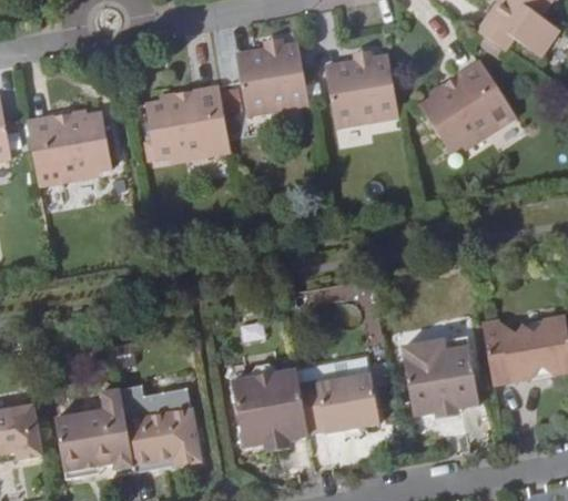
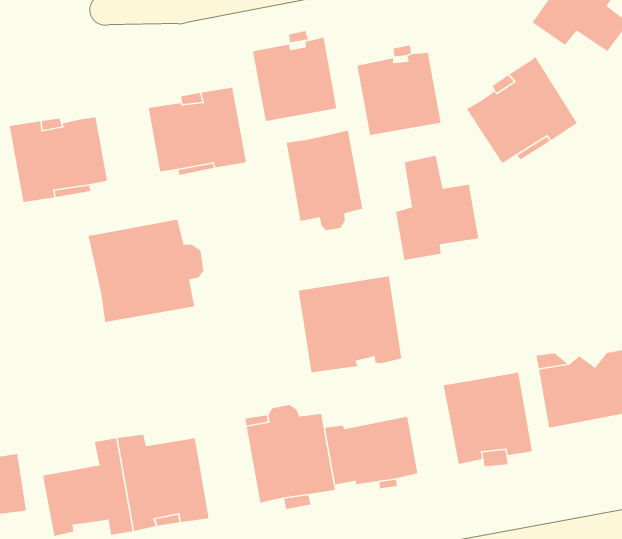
building: none -> [286,130,363,231]
building: none -> [395,155,479,261]
building: none -> [88,219,204,323]
building: none -> [298,276,402,373]

